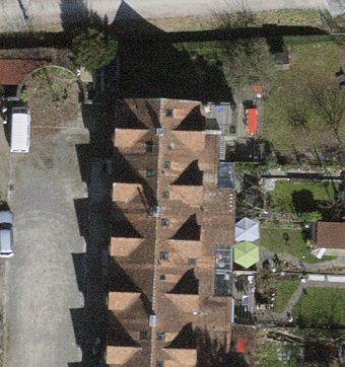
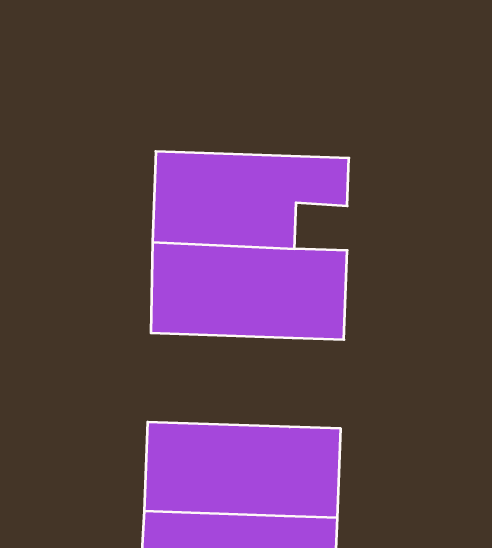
building: [110,214,230,273] -> none

